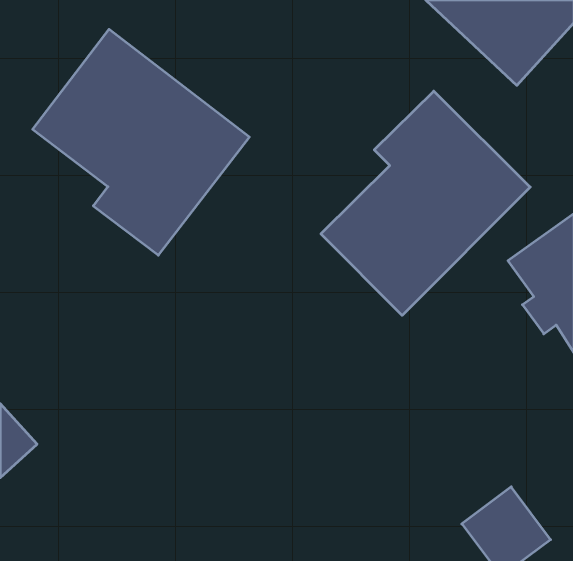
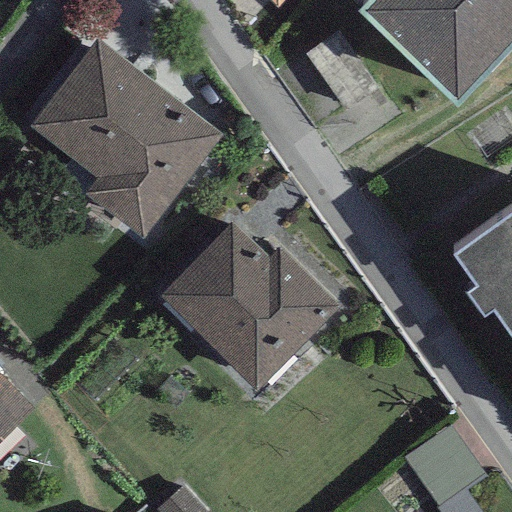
building: [321,91,530,315] -> none
building: none -> [160,221,341,391]

